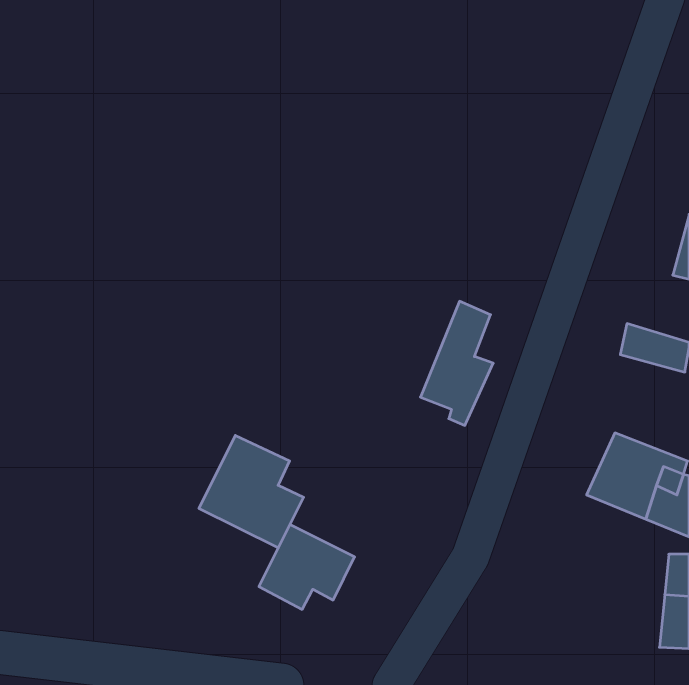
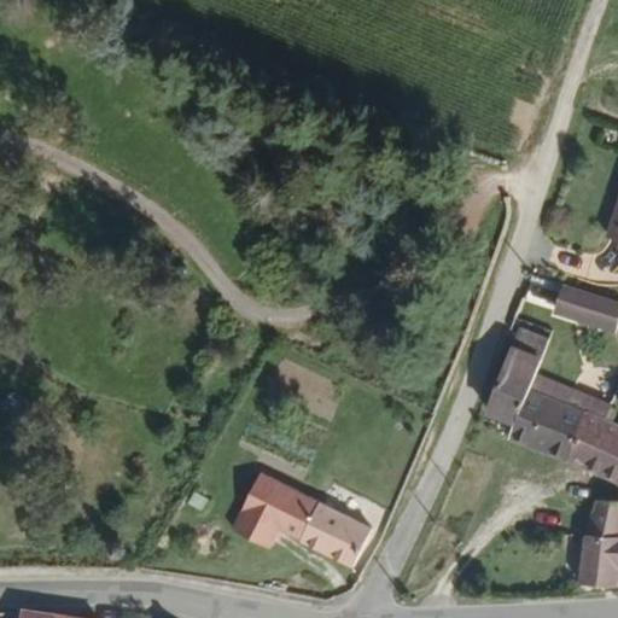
building: [420,301,493,425] -> [485,332,550,443]
building: [199,435,304,548] -> none
building: none -> [301,501,372,564]

